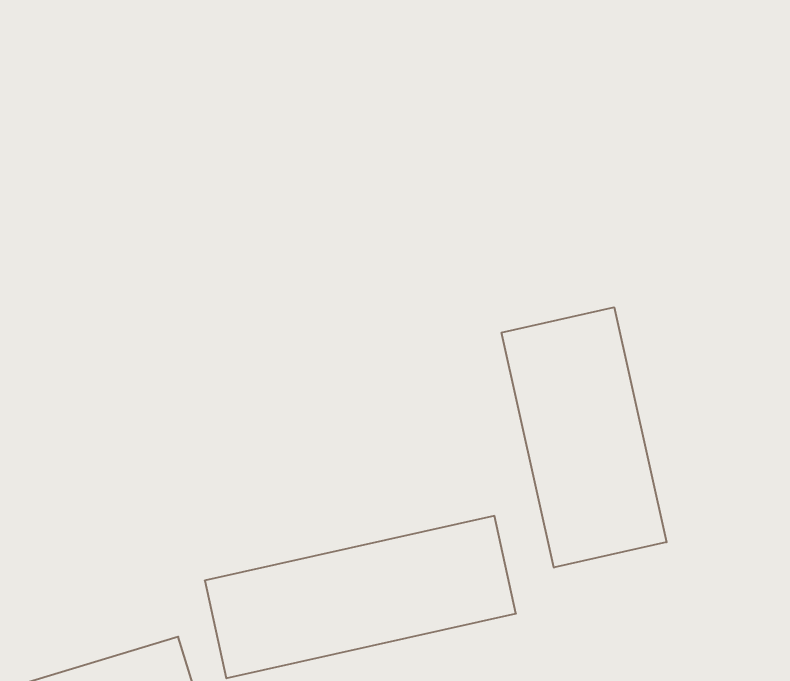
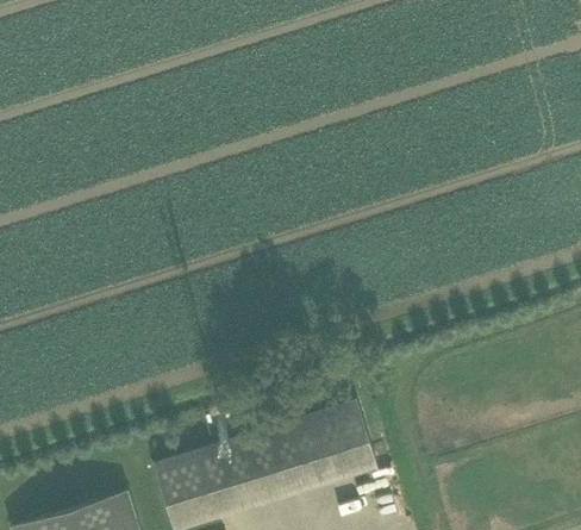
building: [502,307,667,568] -> none

